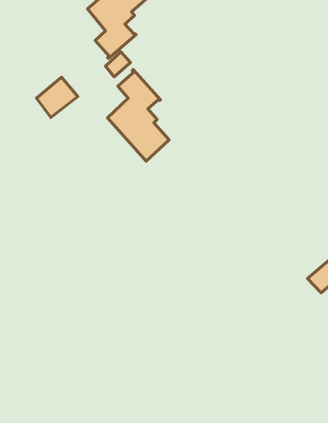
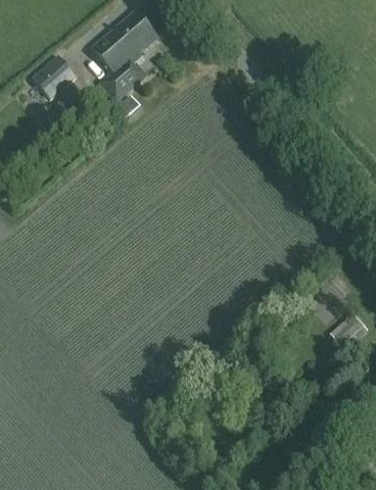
building: [107,70,169,161] -> none
building: [37,77,78,117] -> [33,56,77,99]

